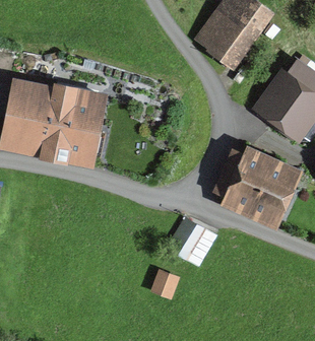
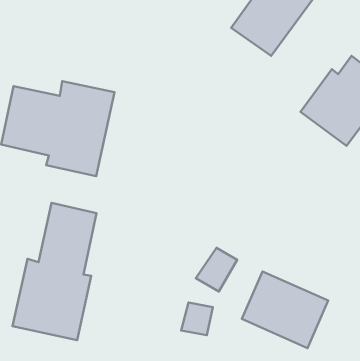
building: [215,152,288,216] -> [242,271,328,348]
building: none -> [13,203,96,340]

